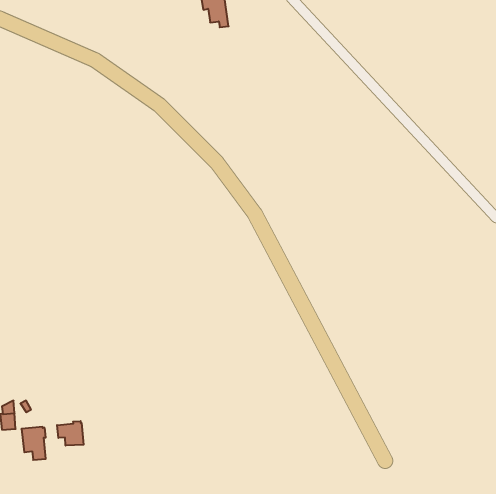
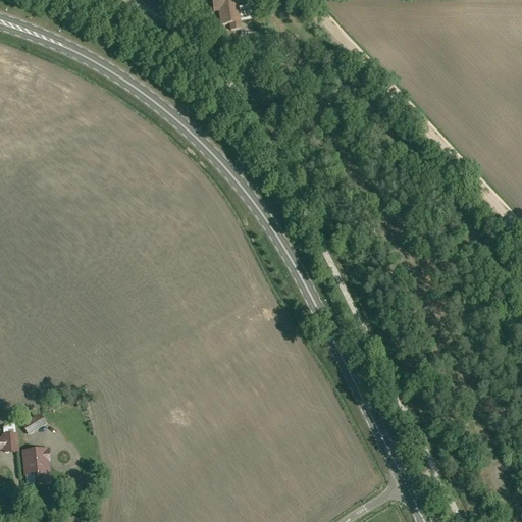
building: [57,421,84,446] -> none

